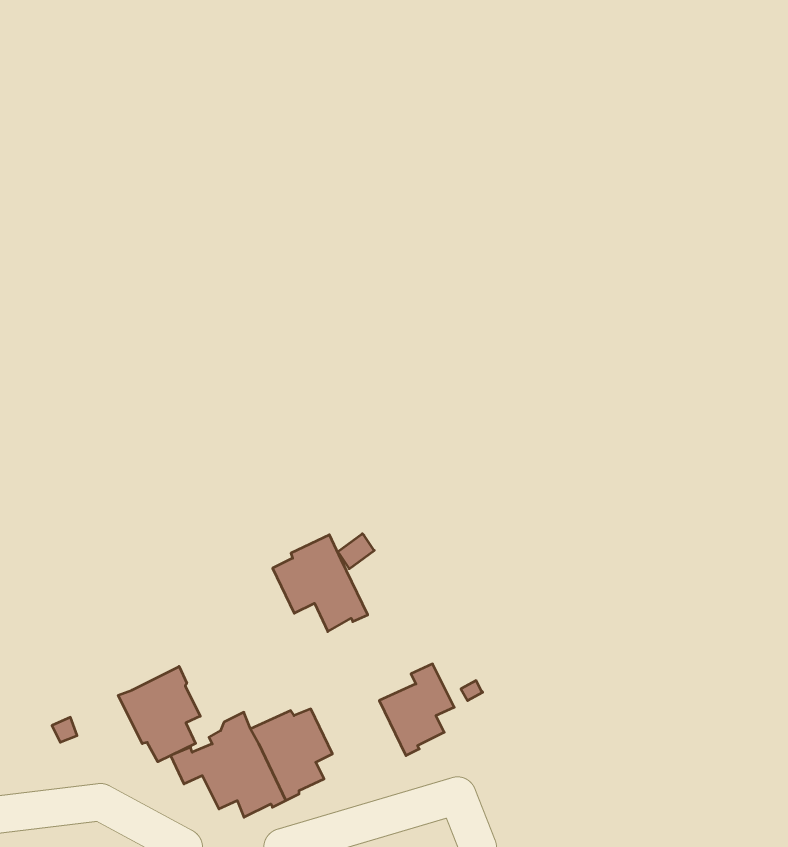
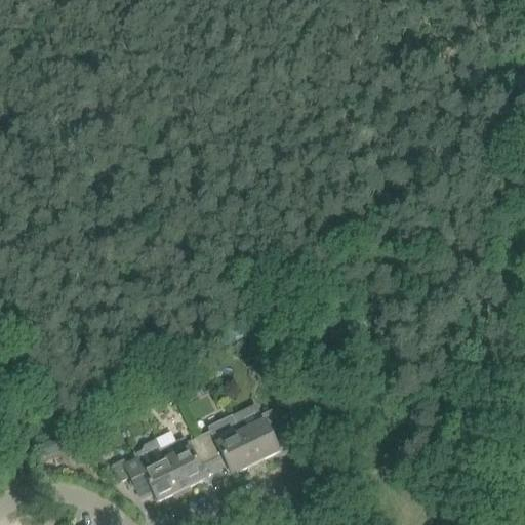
building: [273,535,368,632] -> [198,415,256,475]
building: [118,666,200,762] -> none

